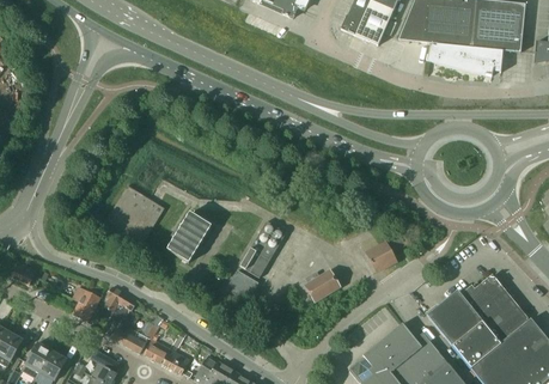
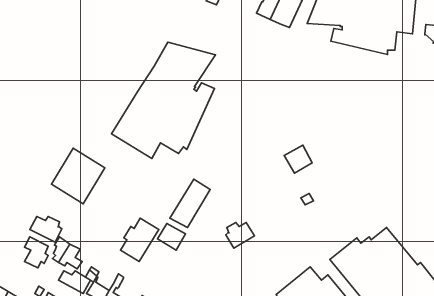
building: none -> [112,42,215,158]
building: [166,213,211,263] -> [121,218,159,261]
building: [365,240,397,273] -> [284,145,312,173]
building: none -> [30,216,62,242]

